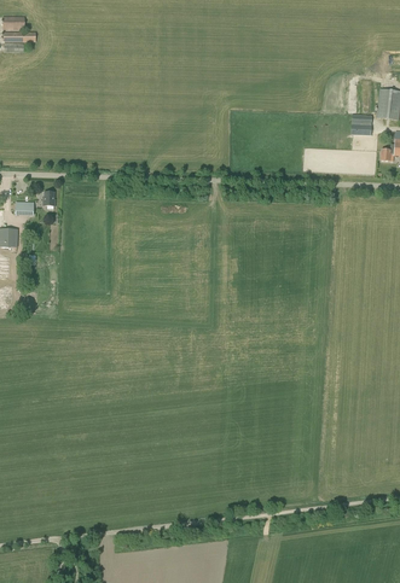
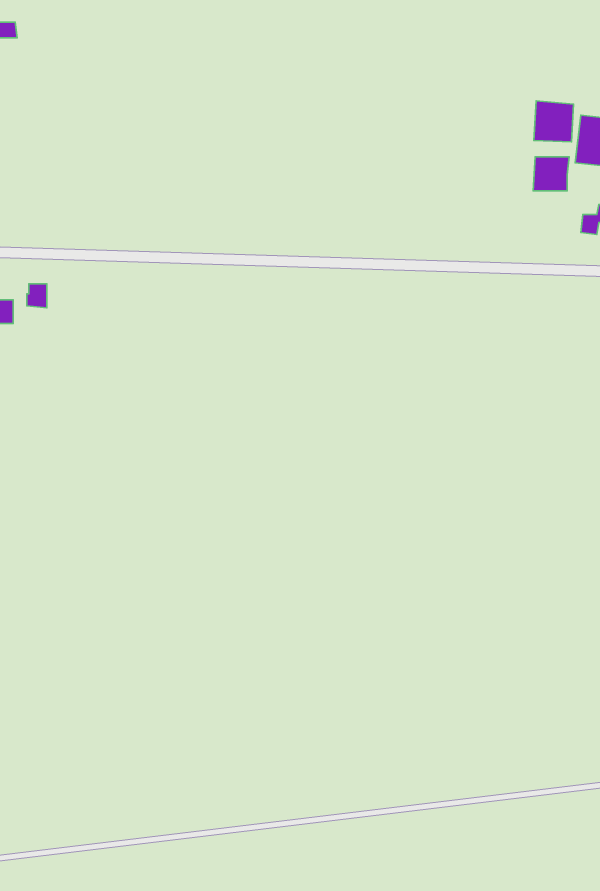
building: none -> [534,101,574,142]

